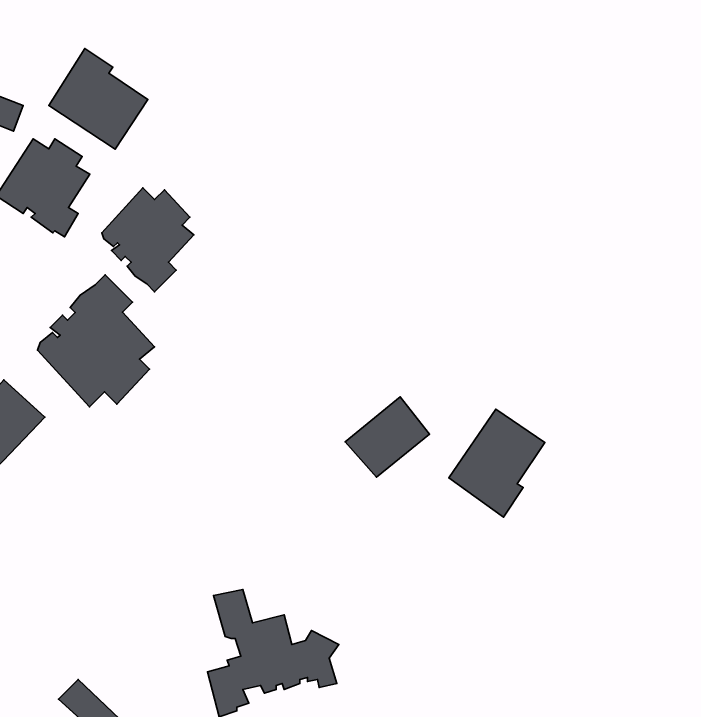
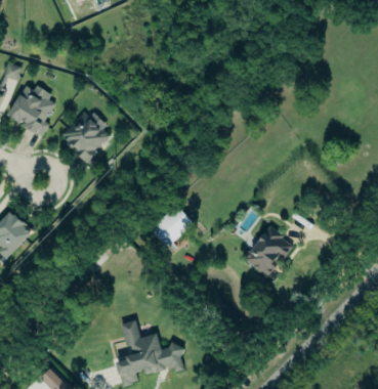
building: [49,48,148,149] -> none
building: [37,275,154,407] -> none
building: [345,397,429,477] -> [149,205,193,247]

